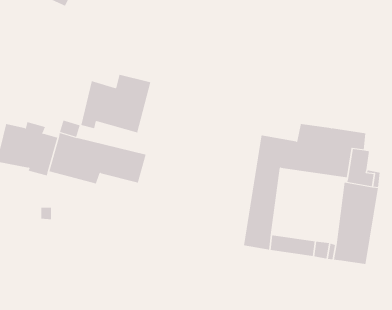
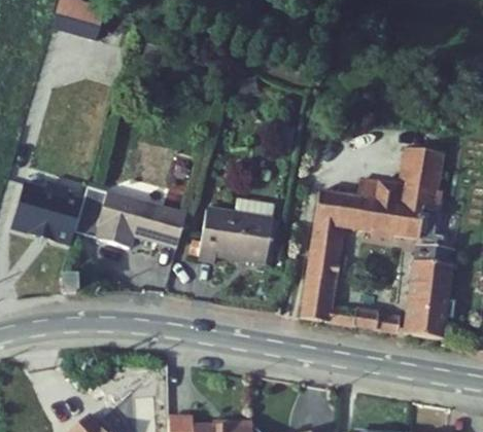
building: [81,74,151,133] -> [194,202,275,269]
building: none -> [401,144,447,188]

